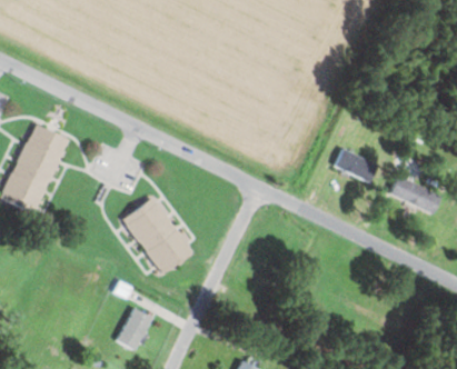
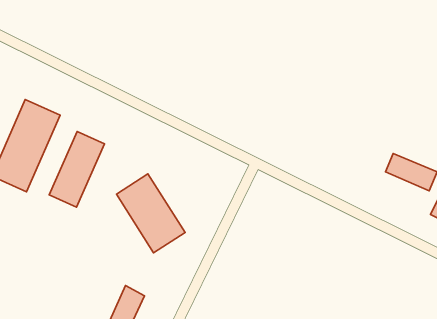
building: [335,149,378,183] -> none
building: none -> [49,132,104,207]

